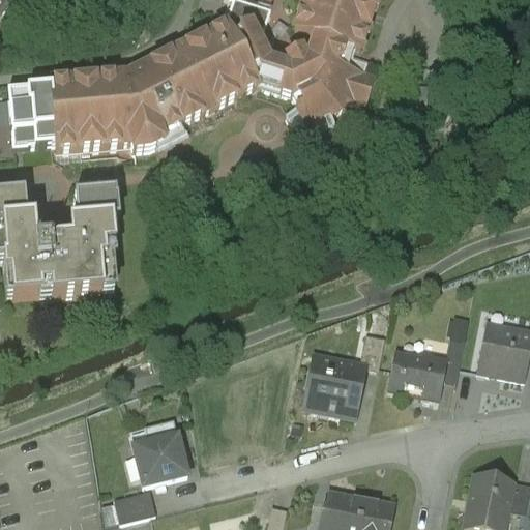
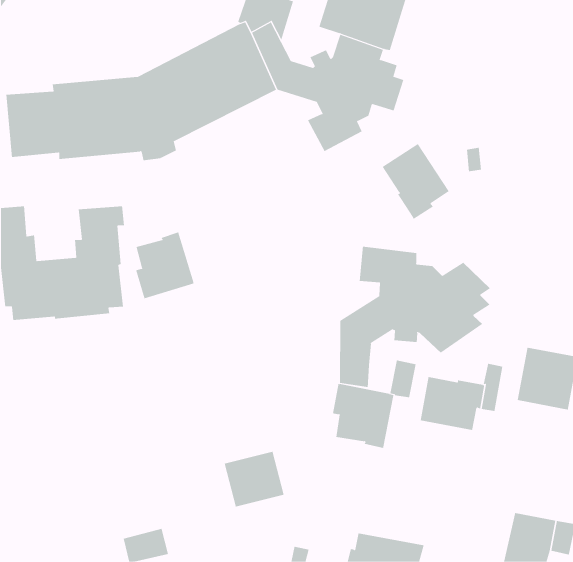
building: none -> [382,143,450,220]
building: none -> [136,232,194,299]
building: none -> [339,246,491,388]
building: [134,431,189,482] -> [224,451,285,507]

